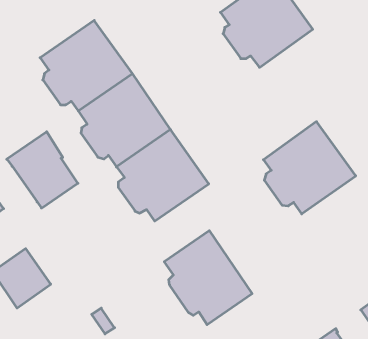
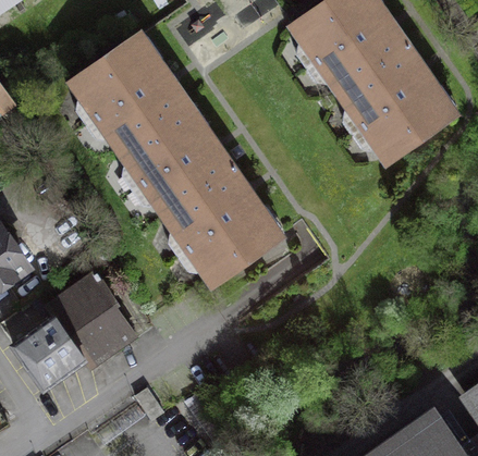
building: [263,122,356,214] -> [343,46,456,159]
building: [7,132,78,208] -> [50,272,137,366]
building: [164,231,252,325] -> none

